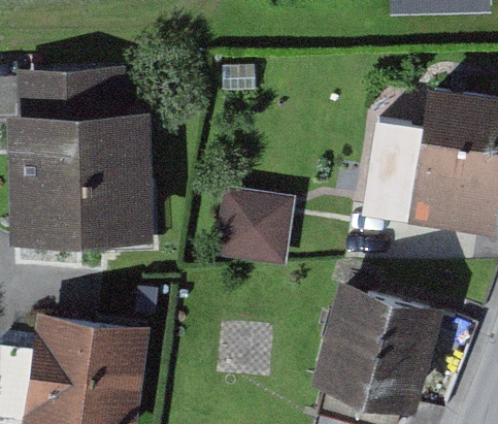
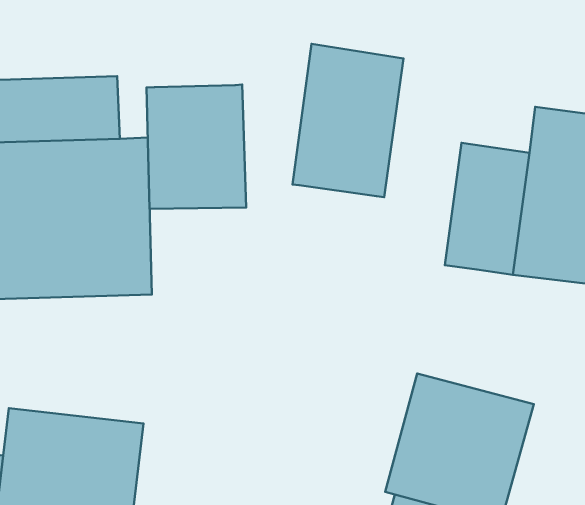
building: none -> [292,44,404,197]
building: none -> [146,84,246,209]
building: [226,197,295,265] -> none

